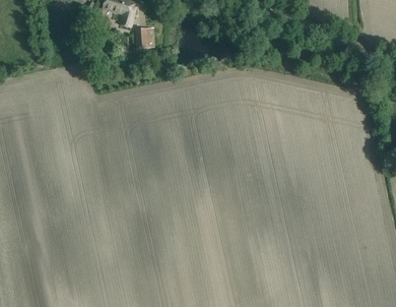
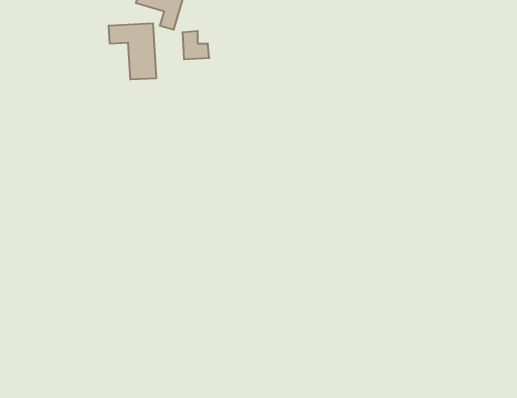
building: none -> [109,23,156,80]

